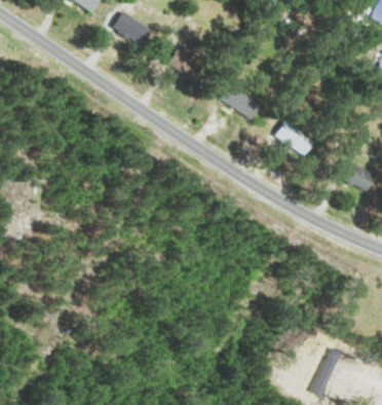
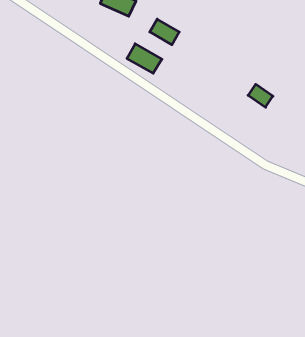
building: none -> [127,44,162,73]
building: [223,84,261,119] -> none

